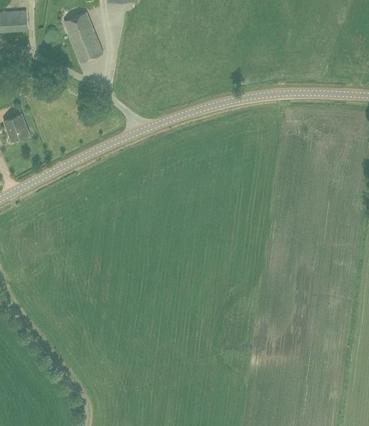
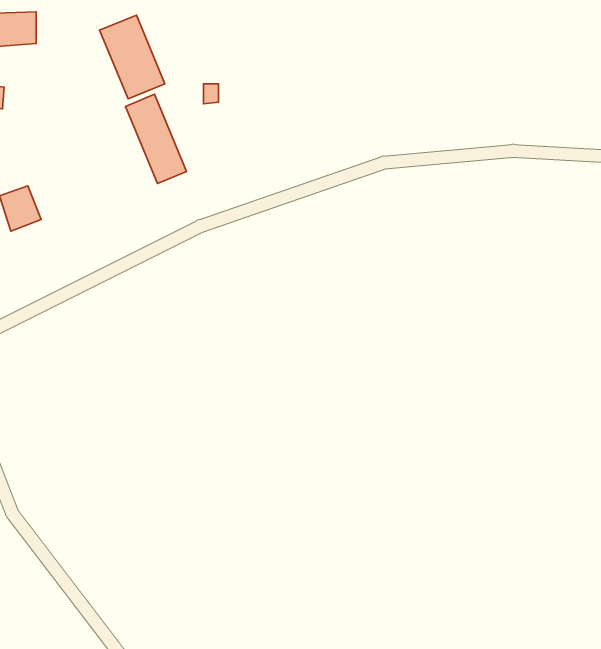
building: none -> [125,94,186,184]

